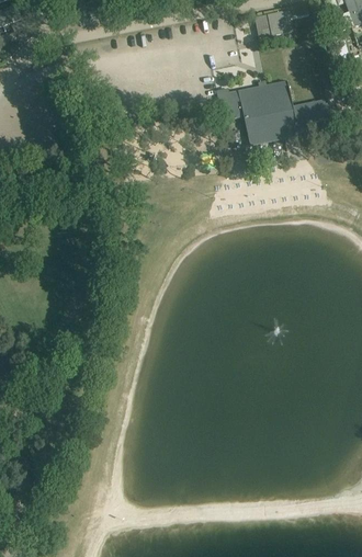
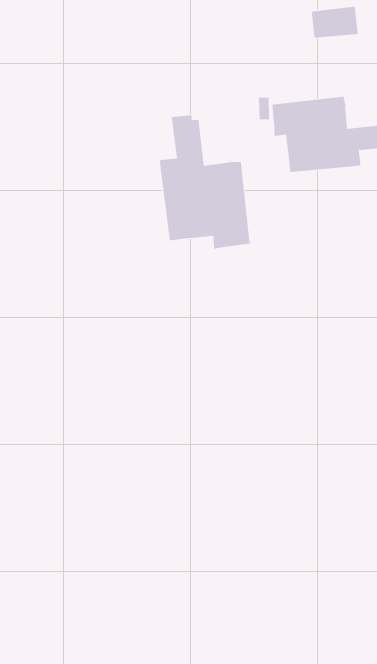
building: none -> [159,115,250,250]

